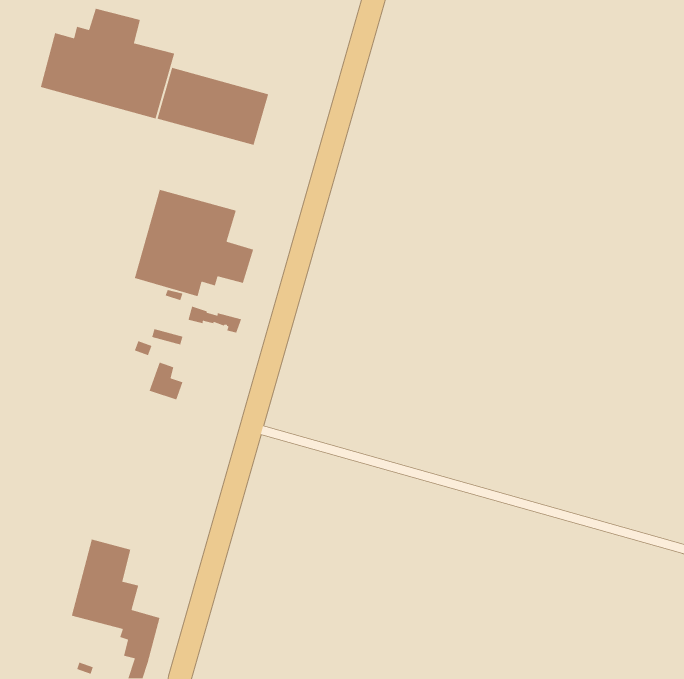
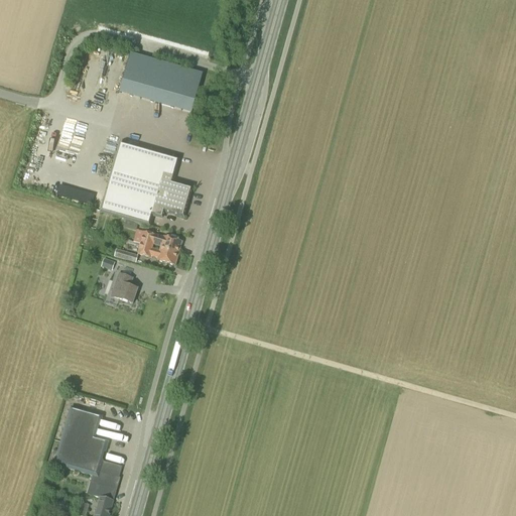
building: [40,8,175,120] -> none
building: none -> [122,236,178,263]

